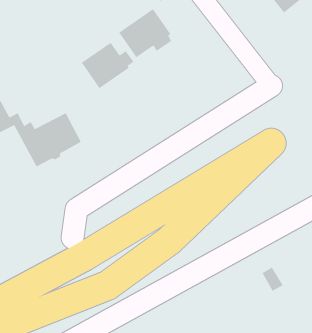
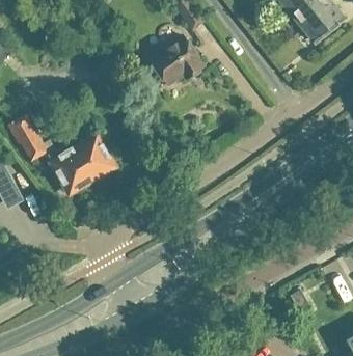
building: [81,42,134,89] -> none

